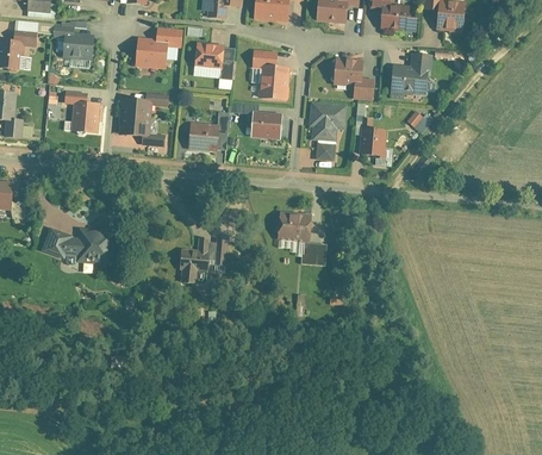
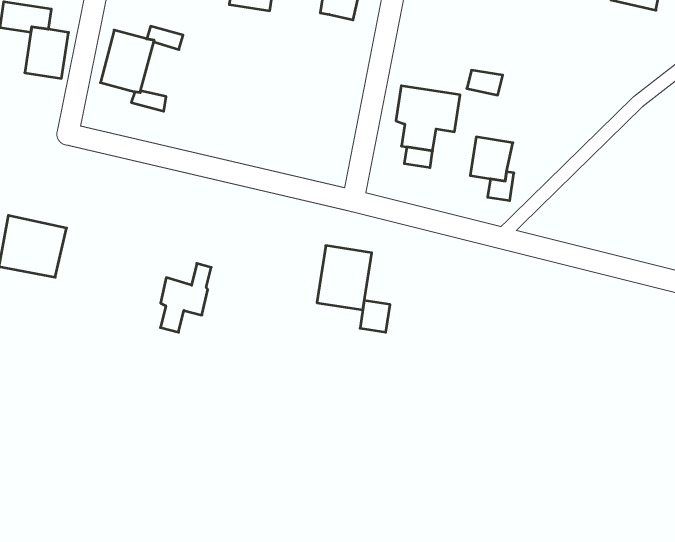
building: [392,52,428,98] -> none
building: [336,58,362,85] -> none
building: [258,66,287,98] -> none
building: [250,112,281,137] -> none
building: [189,125,218,149] -> none

